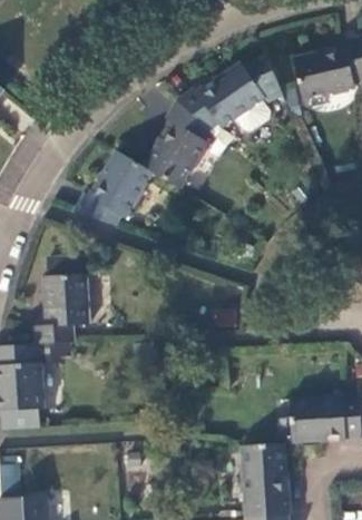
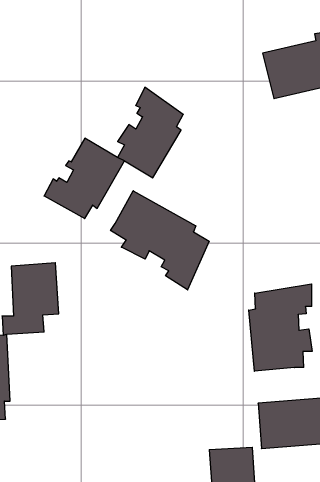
building: [176,49,285,128] -> none
building: none -> [111,191,209,290]
building: none -> [249,284,312,371]

